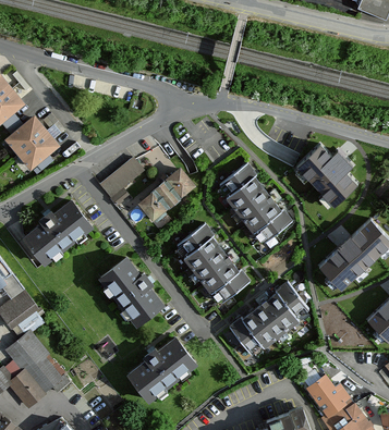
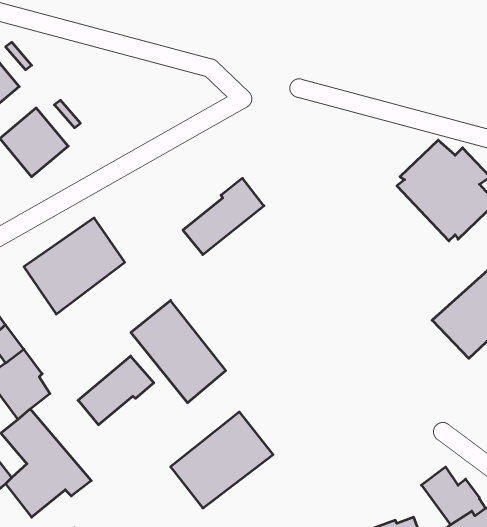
building: [99,158,144,206] -> none
building: [218,164,292,242] -> none
building: [177,224,250,305] -> none
building: [229,281,308,356] -> none
building: none -> [78,356,154,425]

